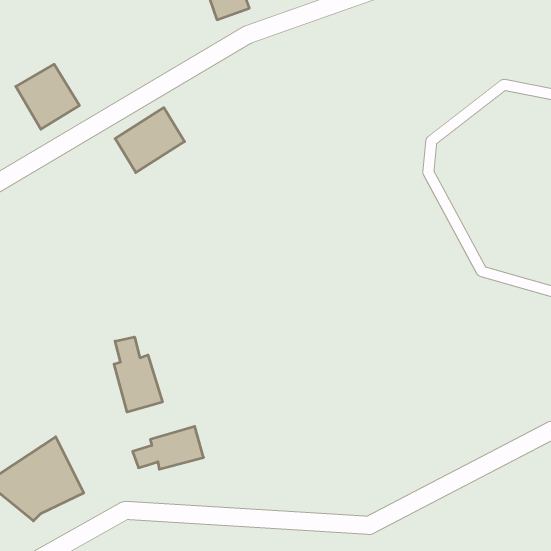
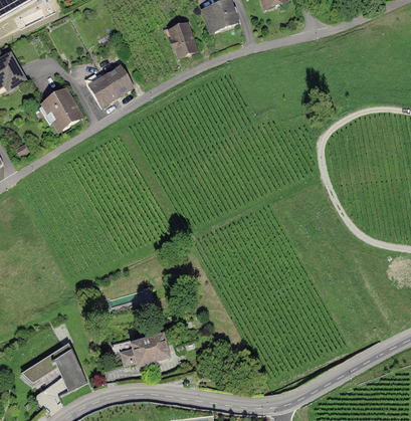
building: [115,108,185,173] -> [87,64,135,109]
building: [114,337,162,412] -> none

